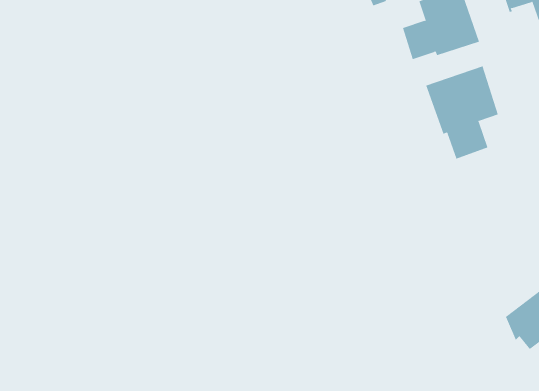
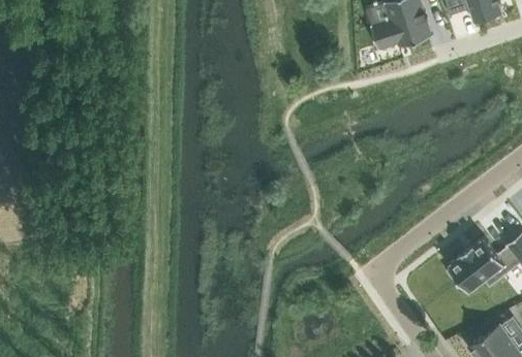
building: [425,66,499,160] -> none

